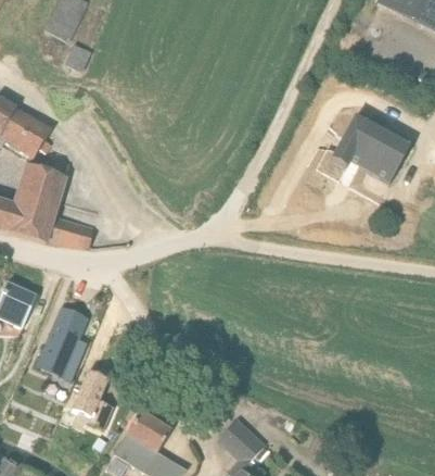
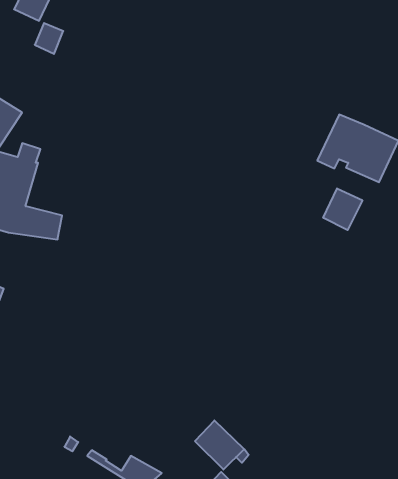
building: none -> [323,188,362,230]
building: [38,308,88,375] -> none
building: [73,365,115,425] -> none
building: [119,410,170,467] -> none

